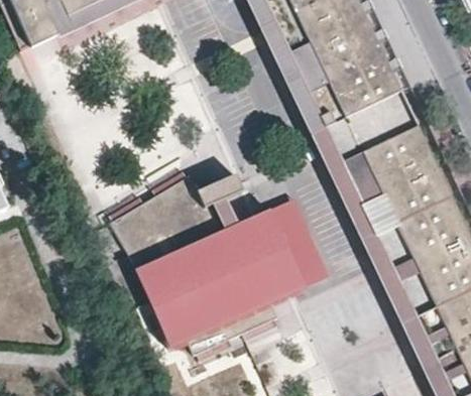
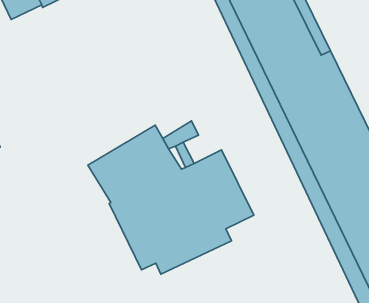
building: [272,196,336,286] -> none

